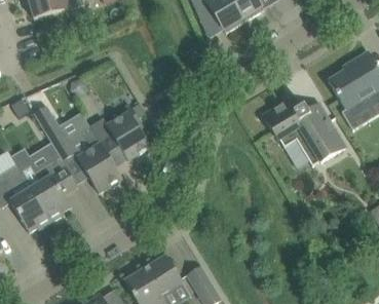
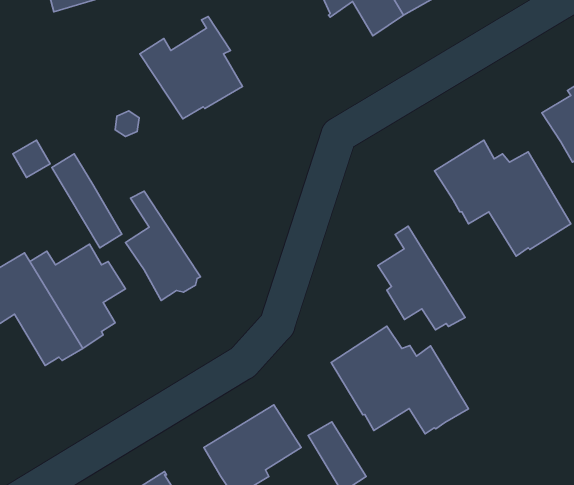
building: [88,104,150,165] -> [140,16,242,119]
building: none -> [378,226,465,330]
building: none -> [331,326,469,434]

